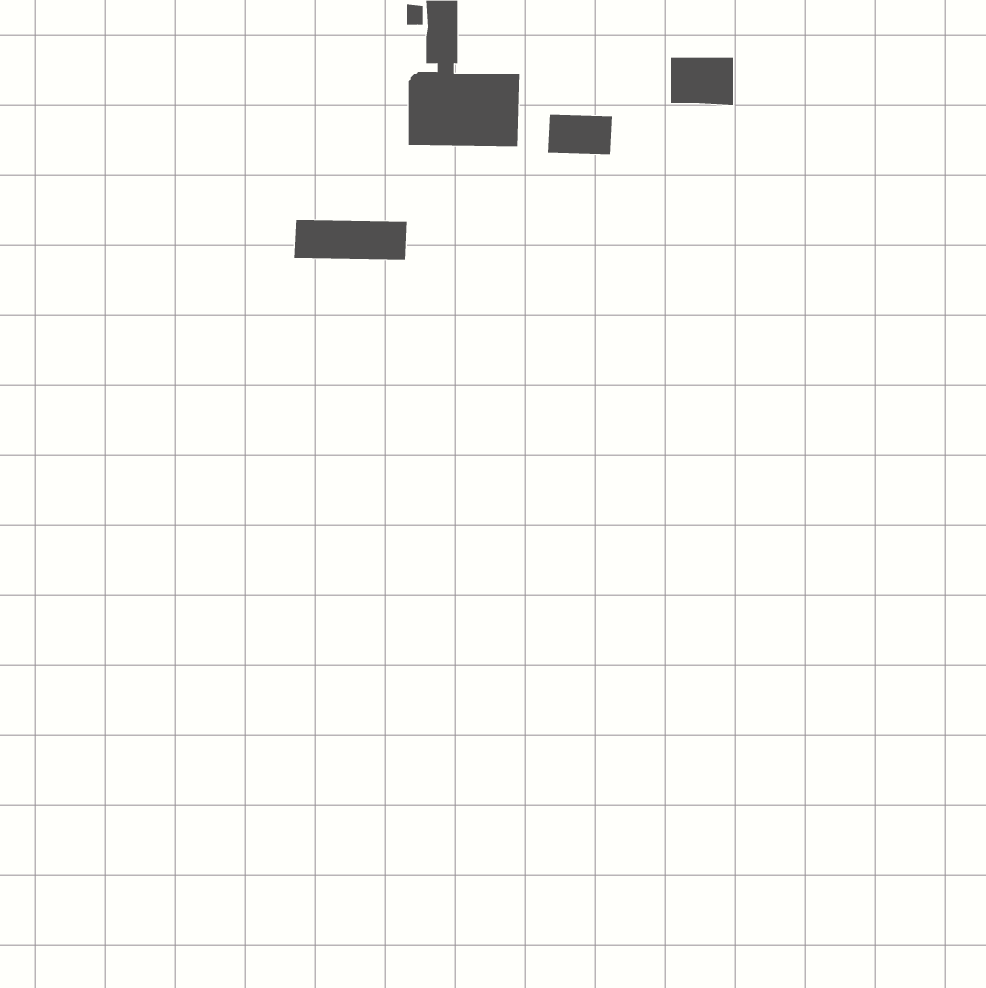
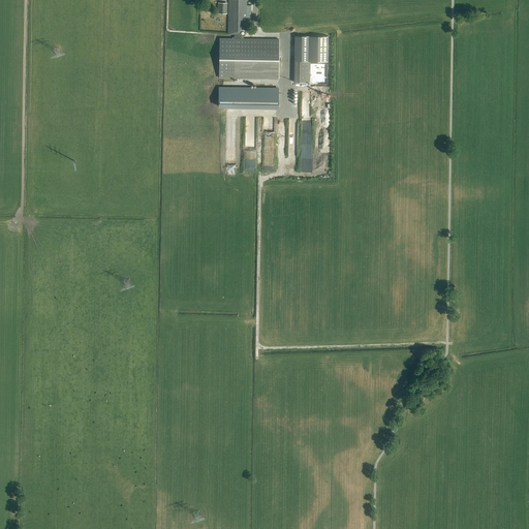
building: [670,57,734,105] -> [293,36,328,62]
building: [294,220,408,260] -> [217,87,278,108]

